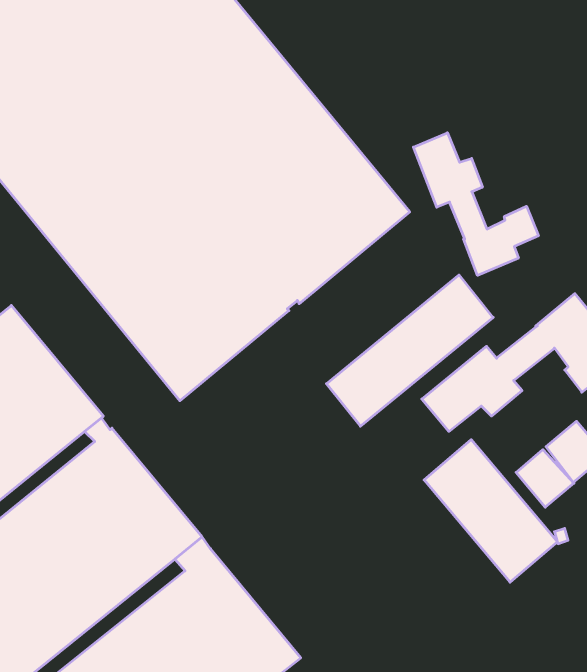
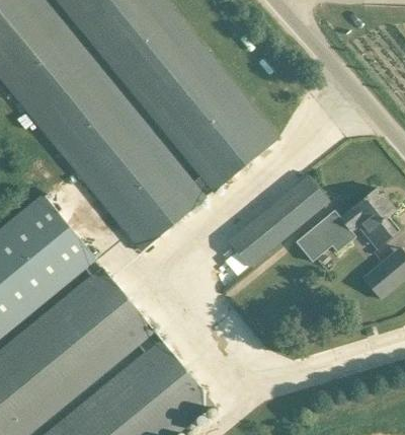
building: [413,133,538,275] -> none
building: [424,440,557,582] -> none
building: [516,450,574,507] -> none

